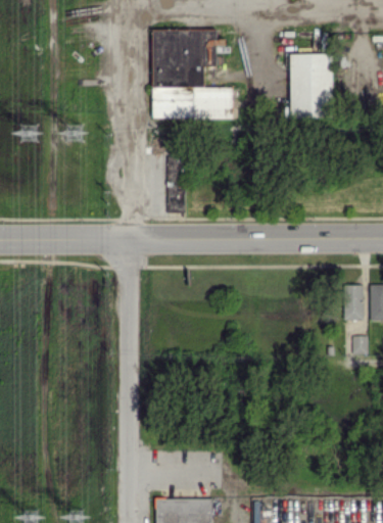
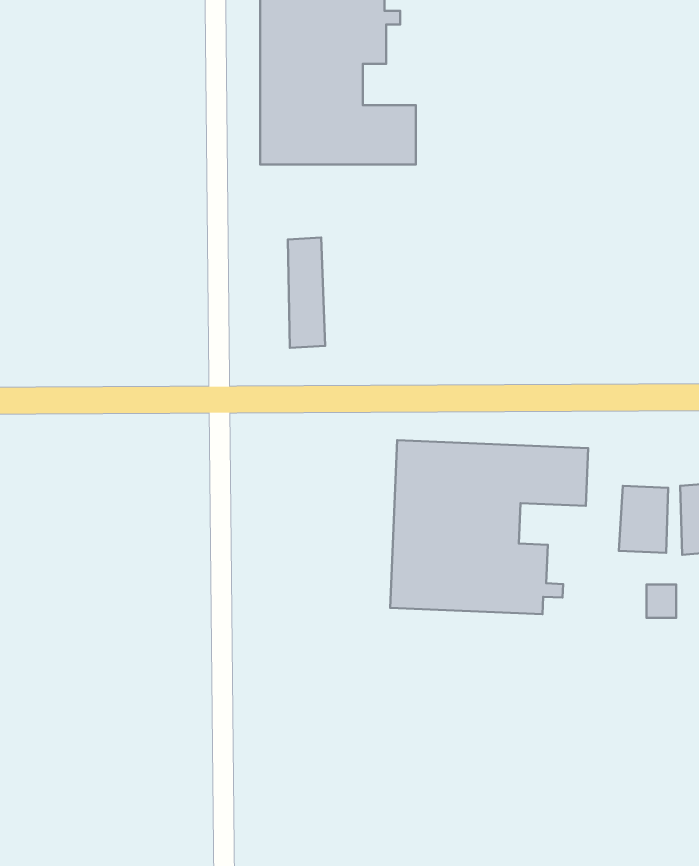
building: [290,54,333,118] -> none
building: none -> [390,440,588,614]

